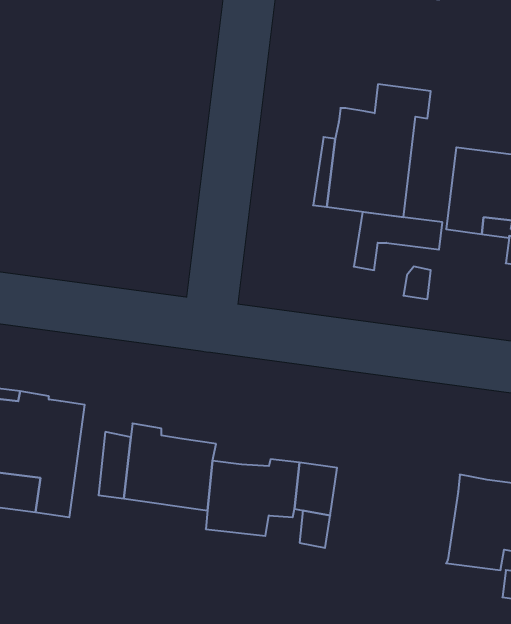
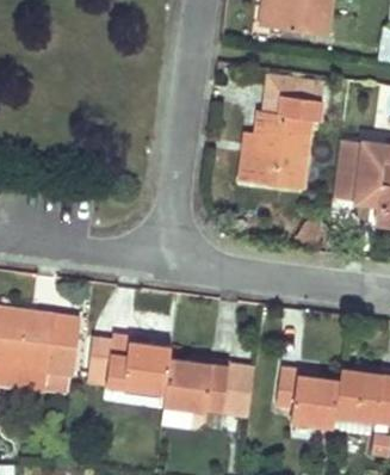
building: [354,212,442,270] -> [262,74,324,115]
building: none -> [277,368,341,428]

